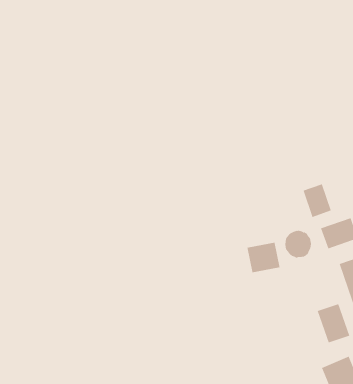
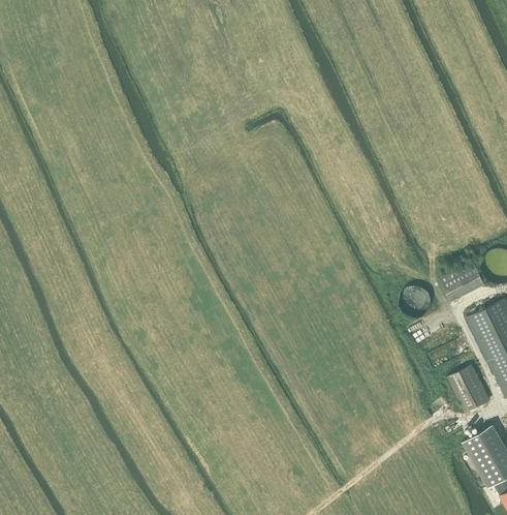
building: [303,183,332,218] -> none
building: [247,242,280,273] -> none

